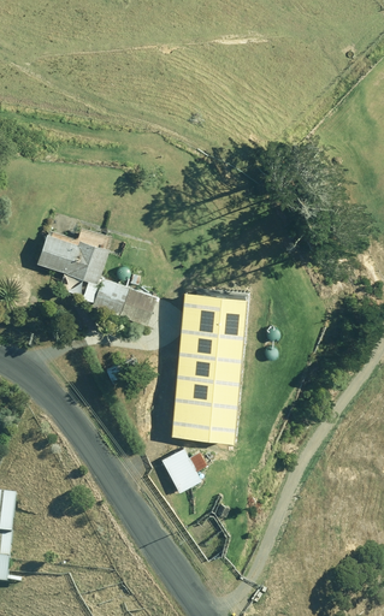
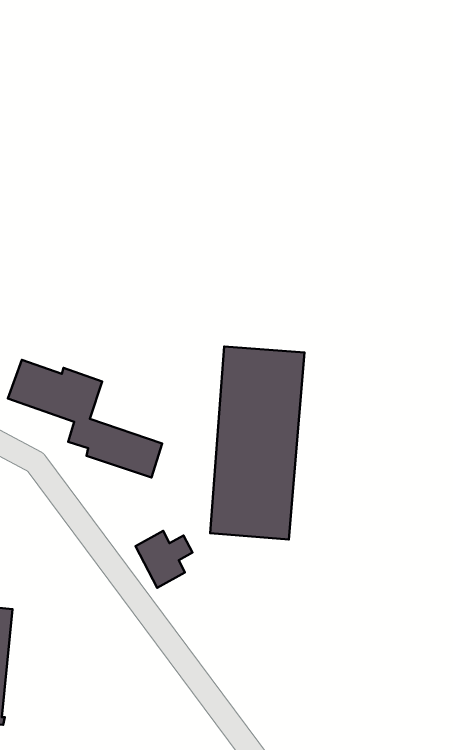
building: [35,231,155,322] -> [8,360,162,477]
building: [161,446,206,491] -> [135,531,193,588]

